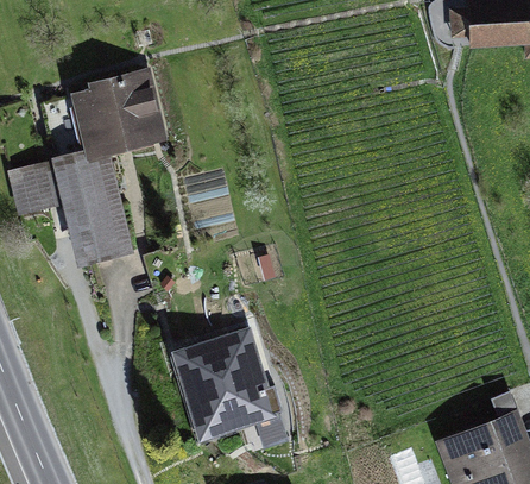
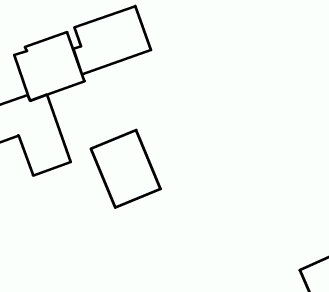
building: none -> [74,6,151,75]
building: [181,333,273,440] -> [91,130,161,208]

